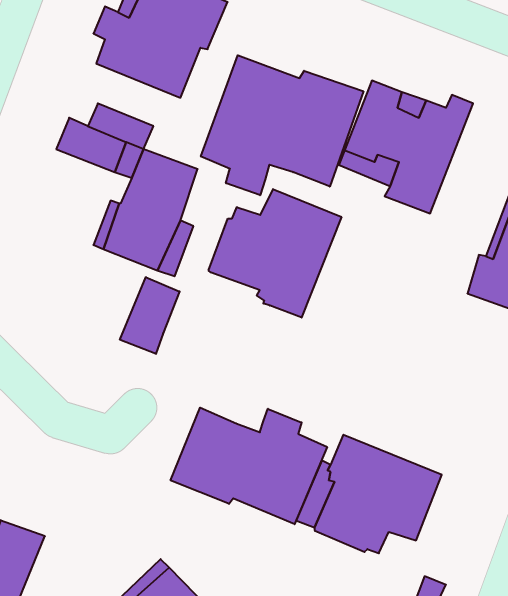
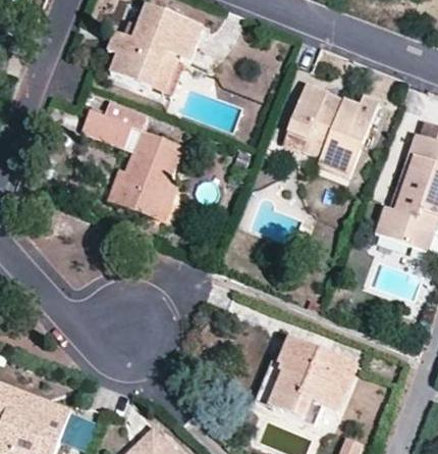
building: [201,55,363,195] -> none
building: [209,189,341,318] -> none
building: [120,277,180,354] -> none
building: [171,408,327,524] -> none

